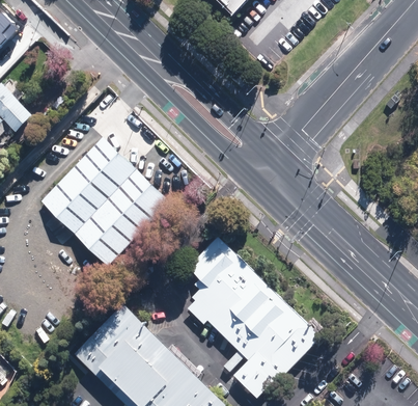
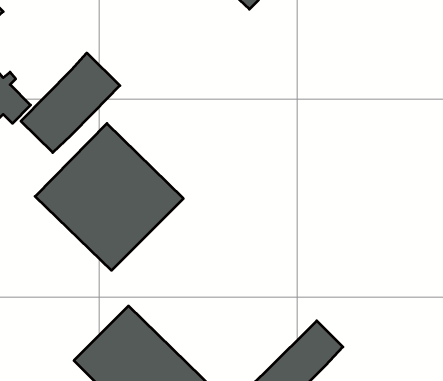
building: none -> [21,53,120,153]
building: [186,235,294,358] -> none

